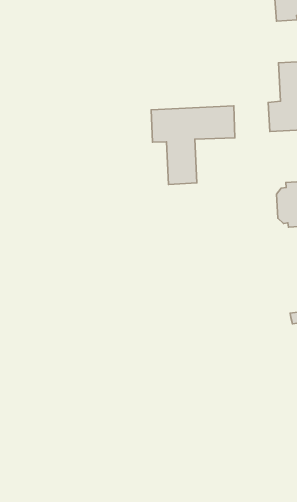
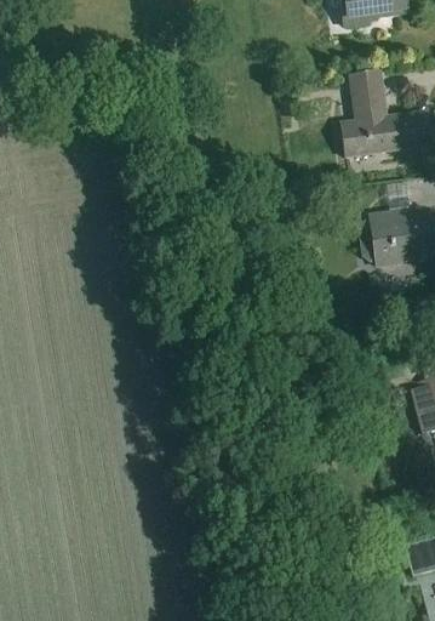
building: [151,106,235,184] -> none

